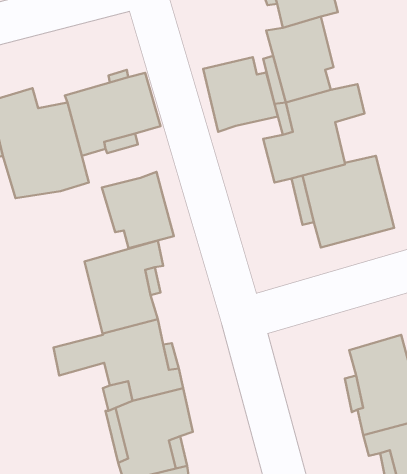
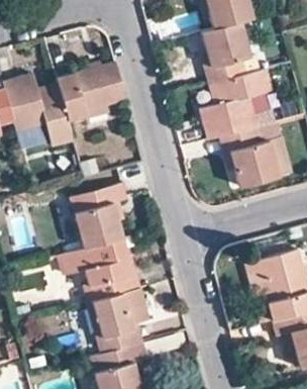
building: [203,57,278,132] -> none
building: [102,172,174,248] -> none

